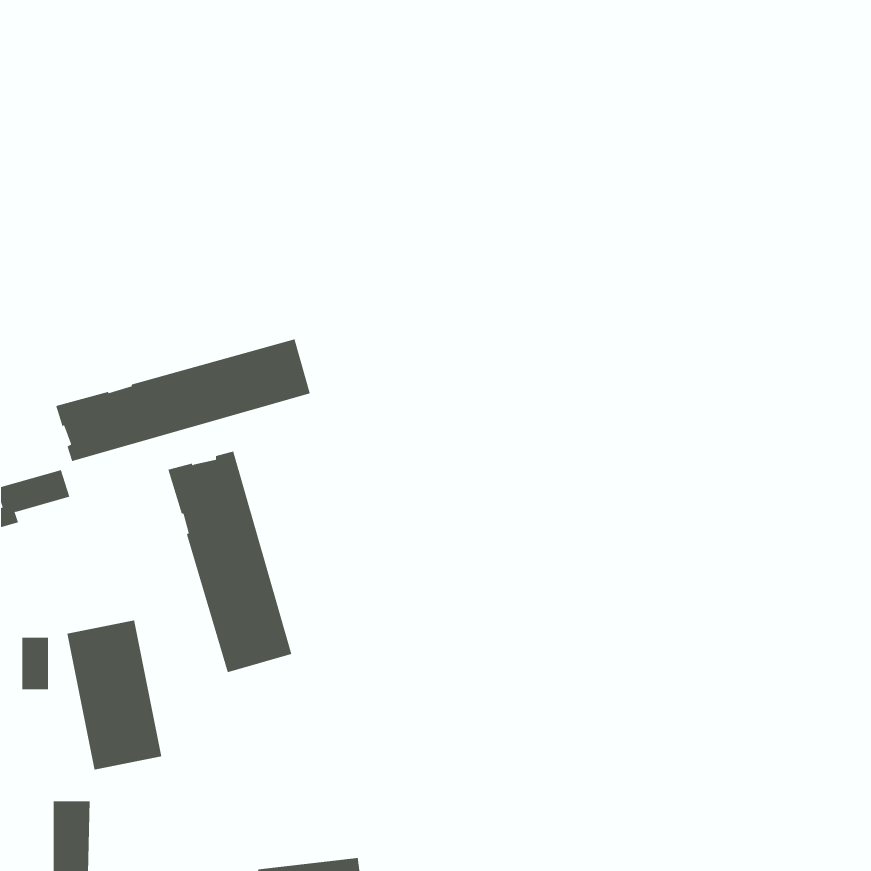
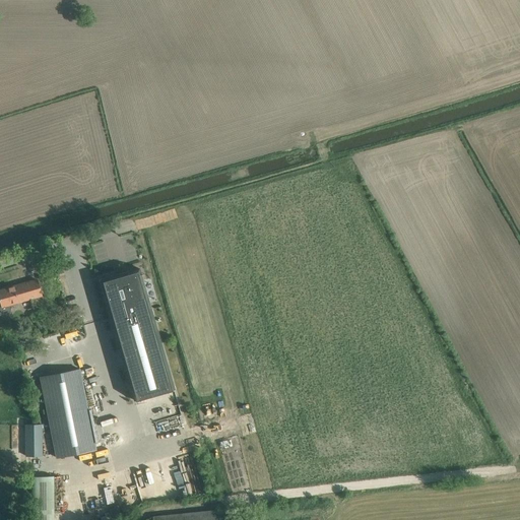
building: [55,338,310,462] -> none
building: [21,637,49,690] -> [26,426,43,457]

